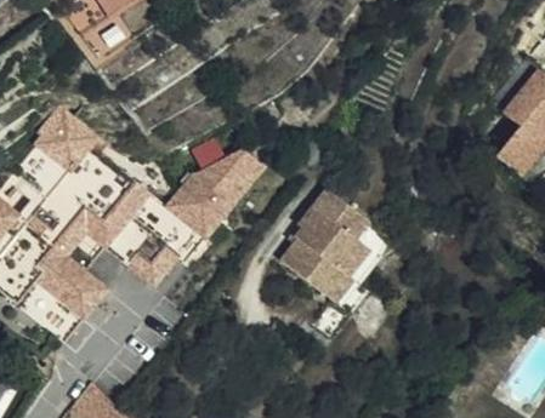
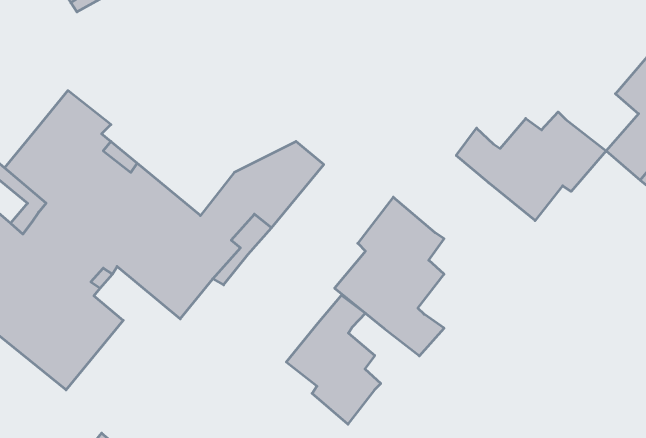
building: none -> [456,112,606,221]
building: none -> [286,295,381,424]

